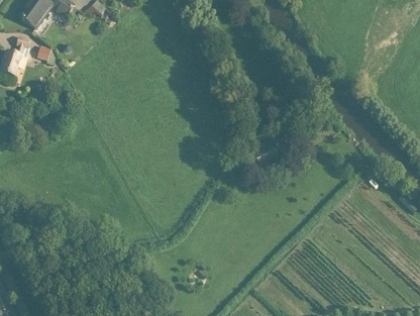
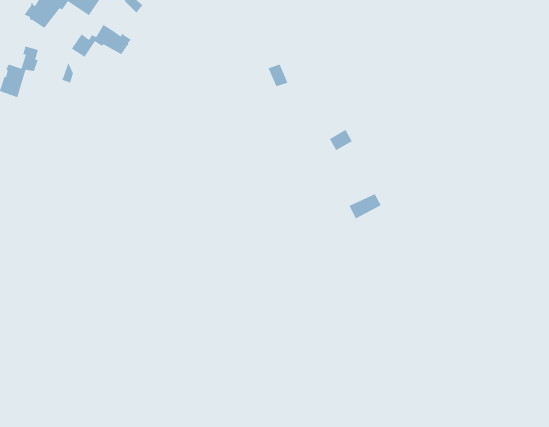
building: none -> [71,24,132,58]

